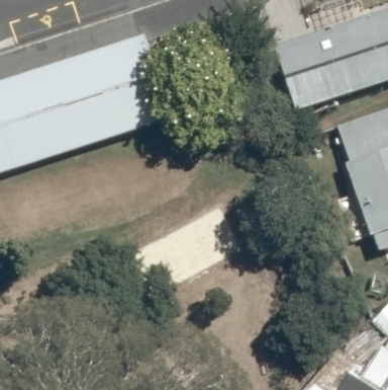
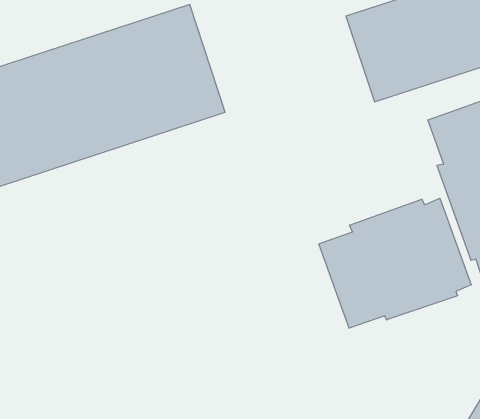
building: none -> [319,198,471,328]

